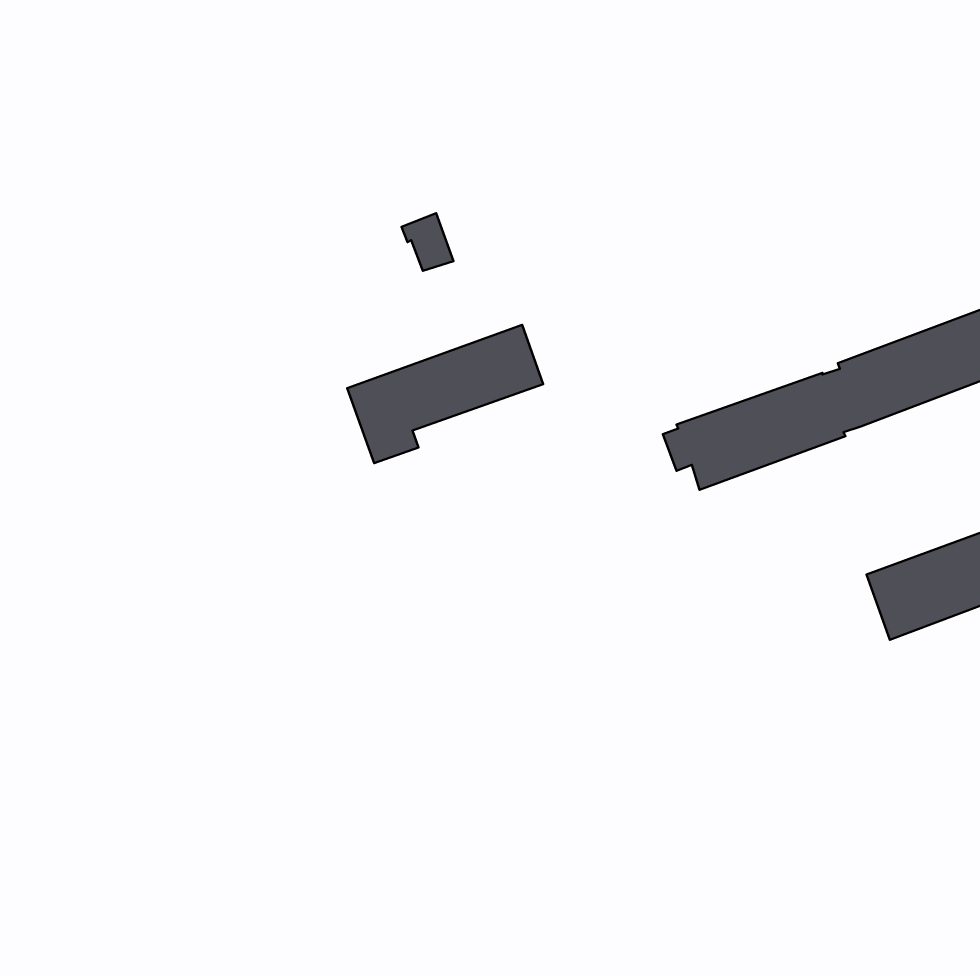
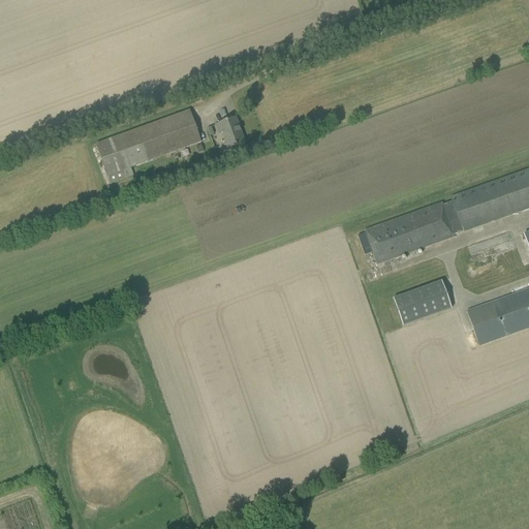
building: [347,325,543,463] -> [96,107,201,182]
building: none -> [394,279,452,323]

